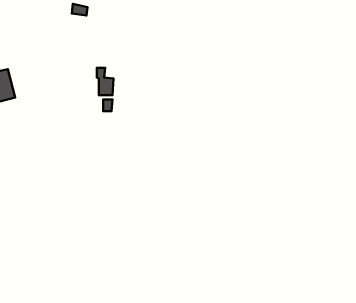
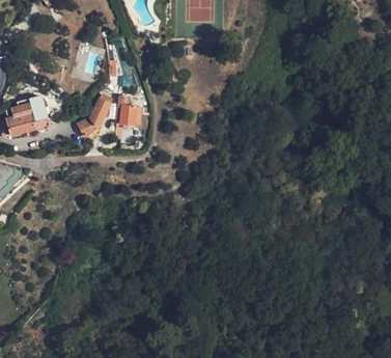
building: none -> [79,97,109,133]

